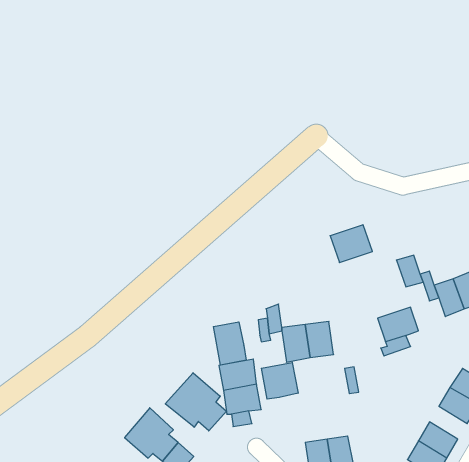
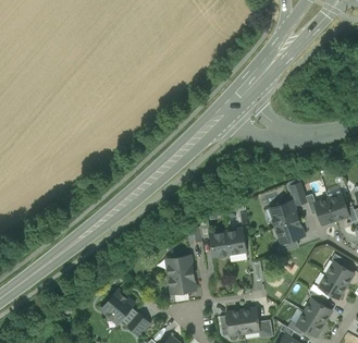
building: [330,225,372,263] -> [269,200,298,226]
building: [213,322,246,365] -> none
building: [261,362,298,399] -> none
building: [165,373,226,431] -> none

